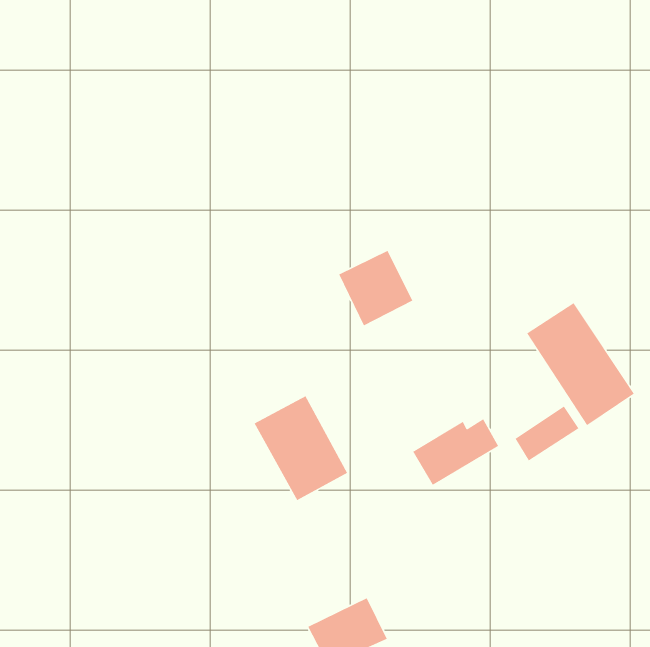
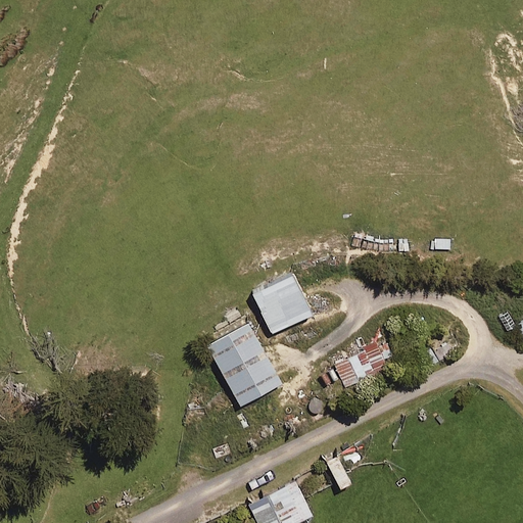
building: [338,250,414,327] -> [251,273,312,334]
building: [526,302,635,426] -> none

